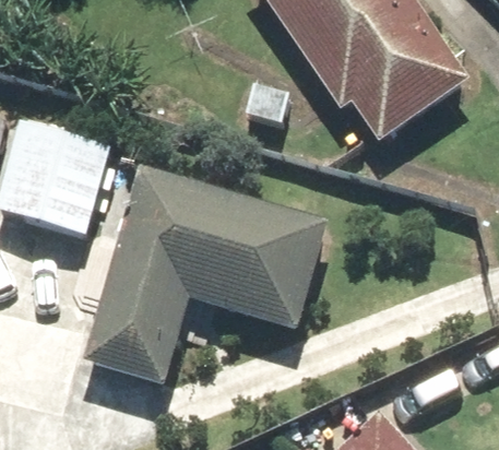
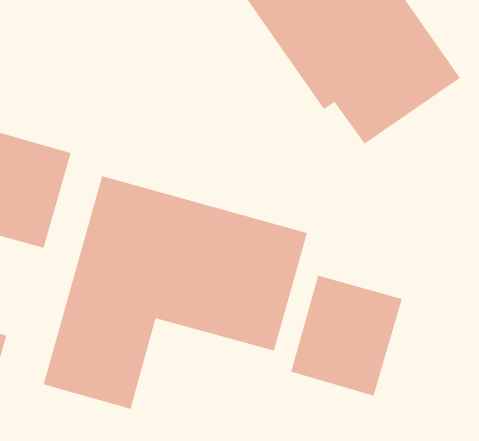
building: none -> [291,275,403,396]

